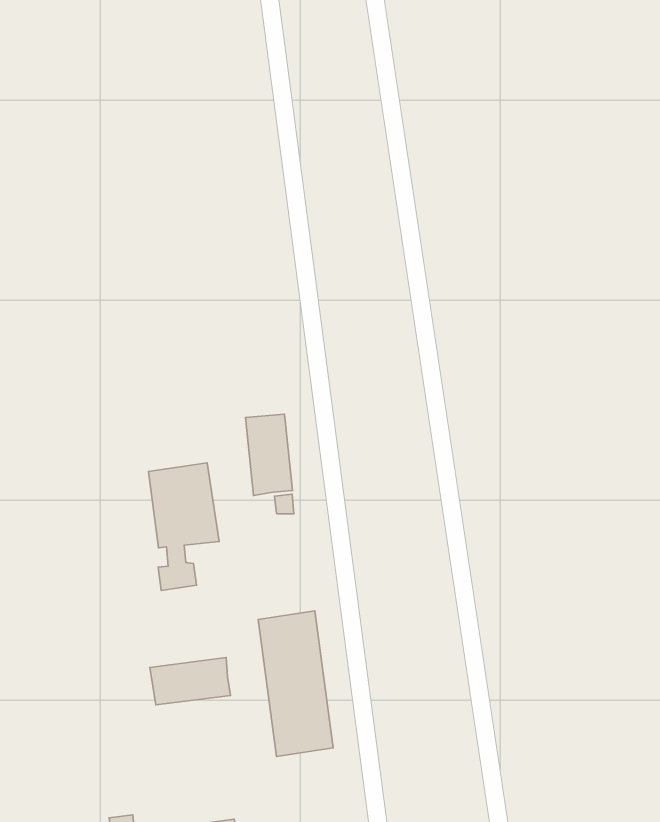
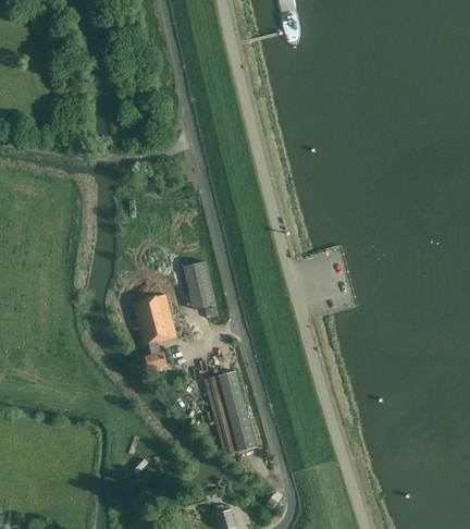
building: [150,657,230,705] -> none

